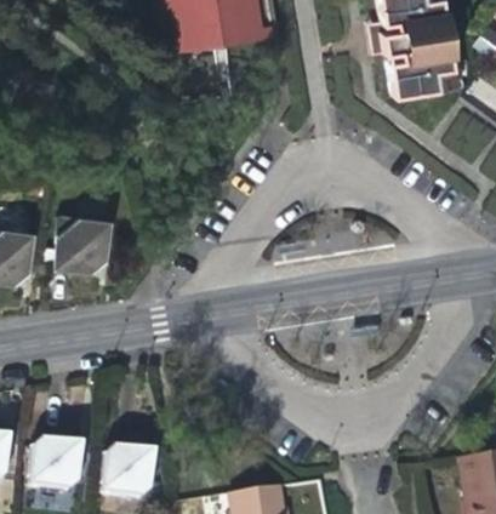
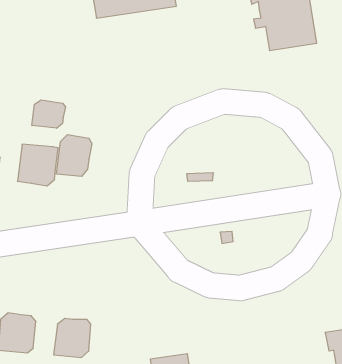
building: none -> [32,100,66,128]
building: none -> [57,135,92,176]

